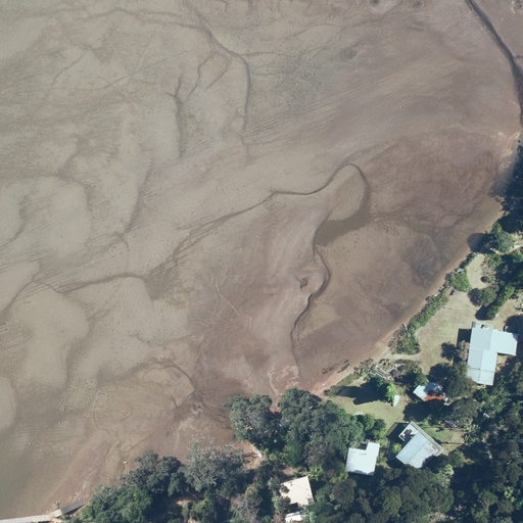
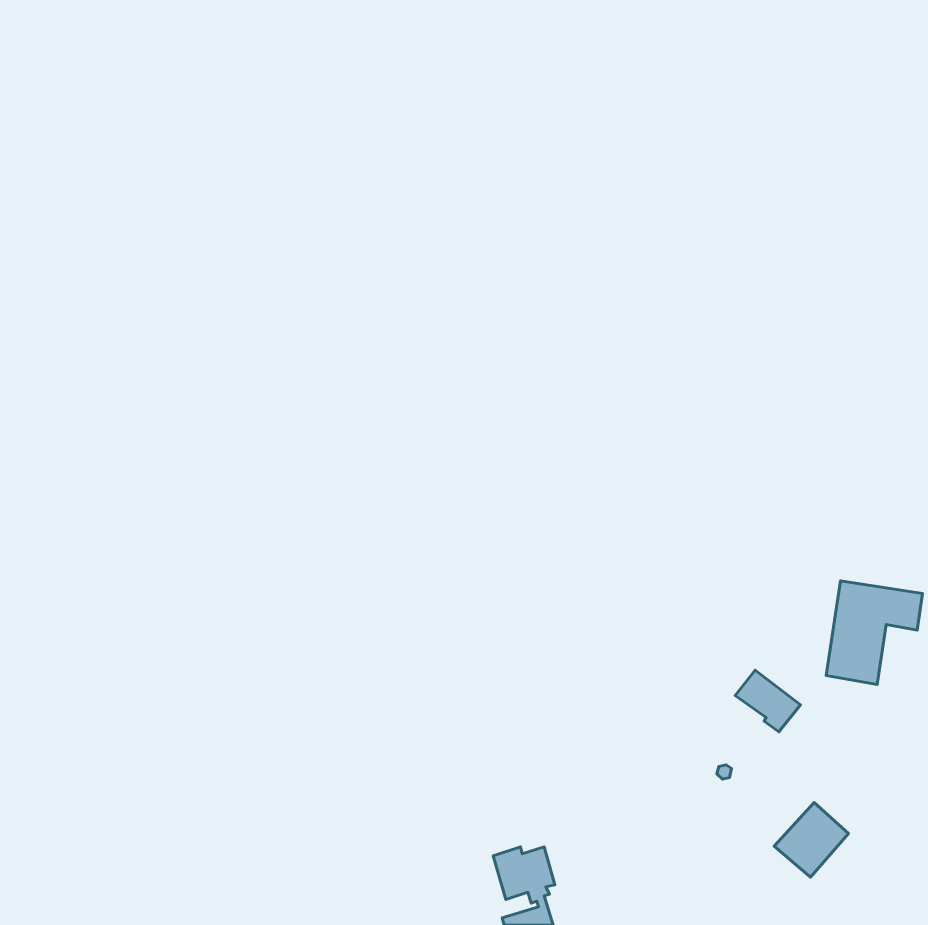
building: [396,430,438,472] -> [774,803,849,877]
building: [345,440,379,473] -> none

